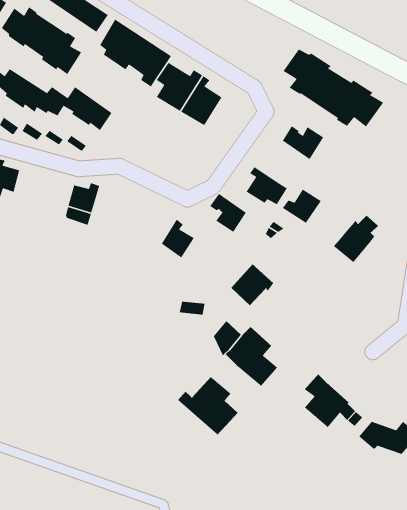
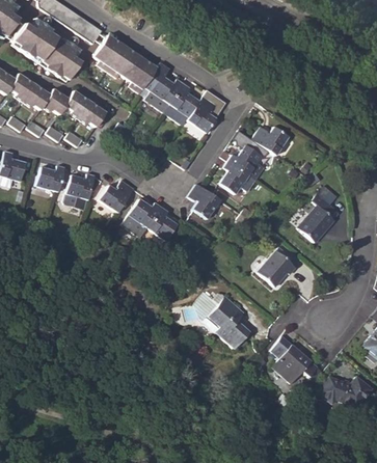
building: [282,48,384,128] -> none
building: none -> [189,94,217,131]
building: none -> [37,165,66,191]
building: none -> [101,178,135,211]
building: [282,189,322,224] -> [228,142,263,172]
building: none -> [119,195,162,237]
building: [231,264,274,306] -> [257,250,294,287]
building: [177,376,238,436] -> none

